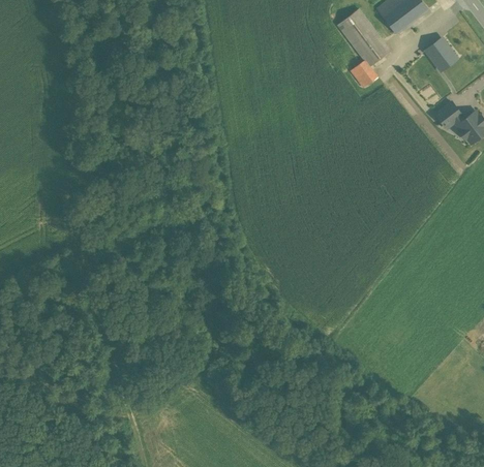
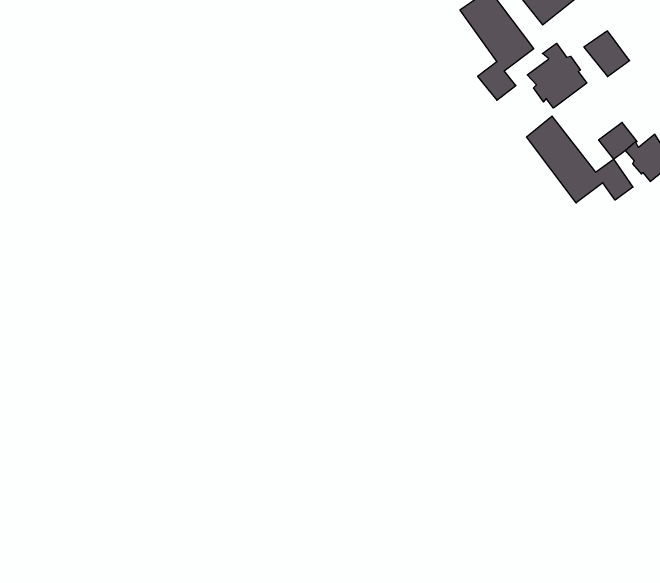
building: none -> [527,43,587,108]
building: none -> [527,116,633,203]

